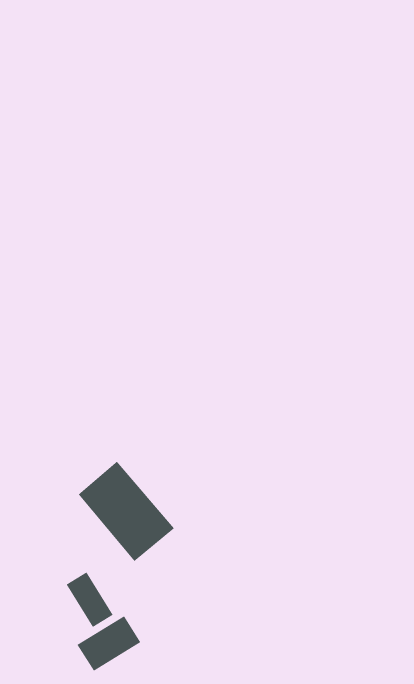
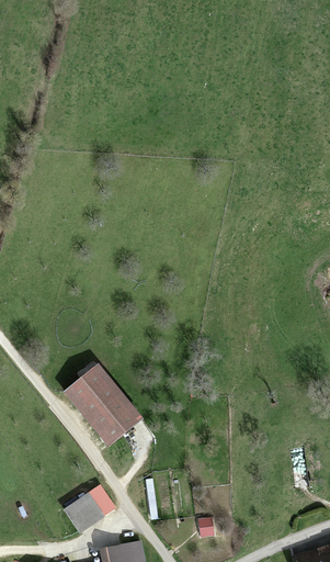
building: [66,572,114,628] -> none

